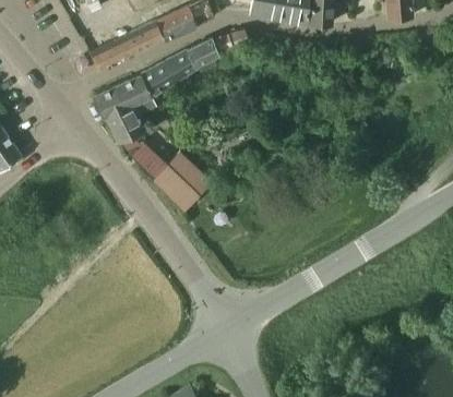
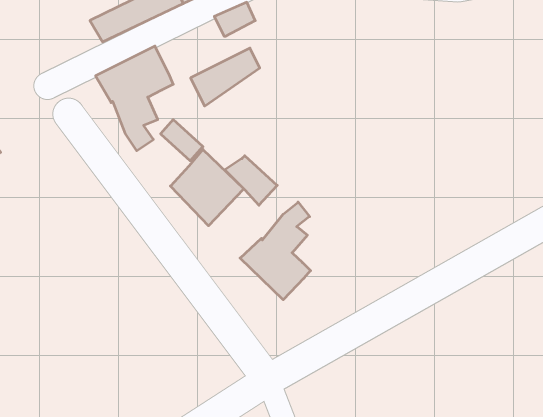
building: [141,50,194,95] -> [191,48,260,106]
building: [127,143,167,181] -> [225,156,277,205]
building: none -> [240,202,311,300]

